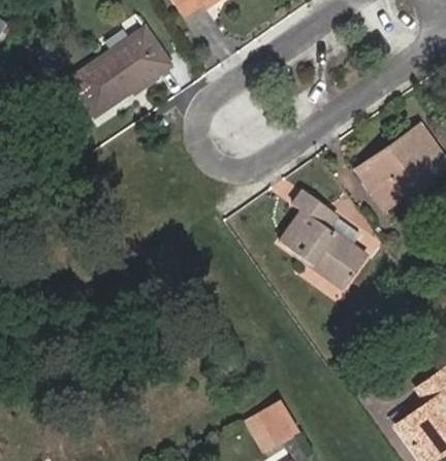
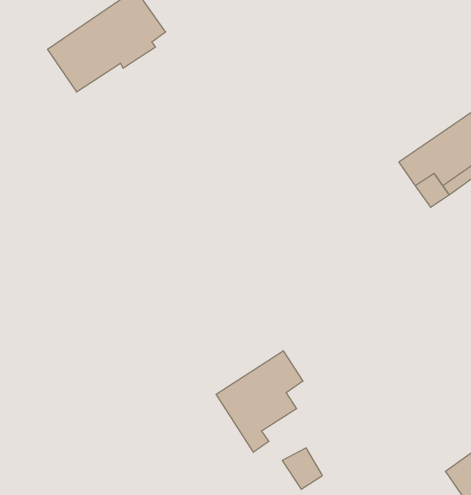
building: [282,192,364,285] -> none
building: none -> [216,351,303,452]

